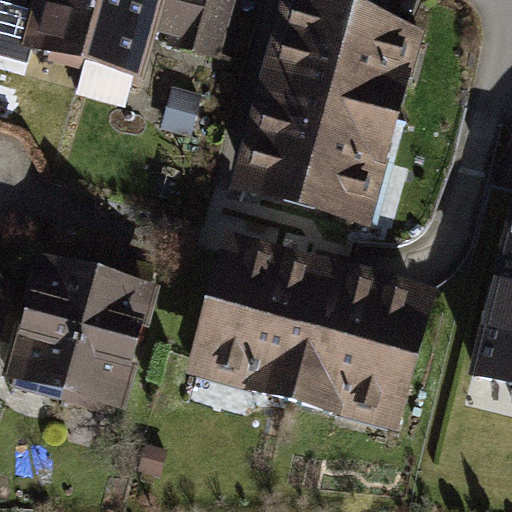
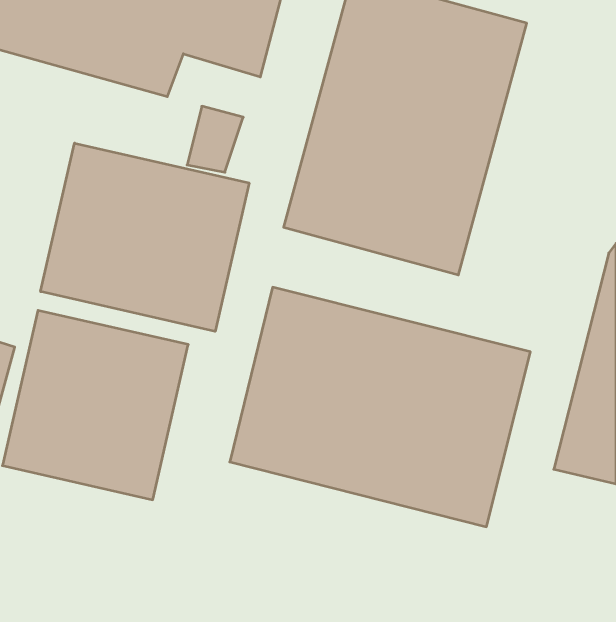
building: none -> [41,143,249,331]

